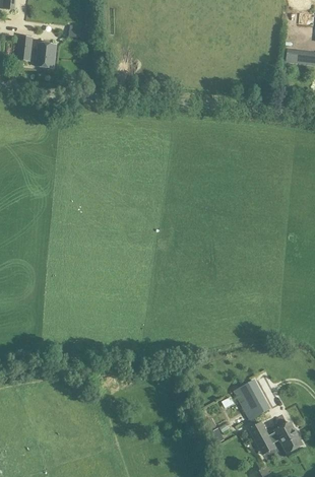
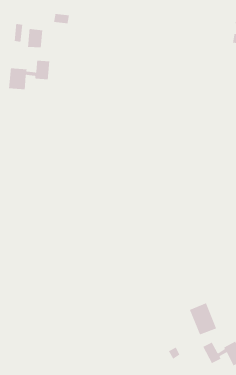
building: none -> [8,60,50,90]

